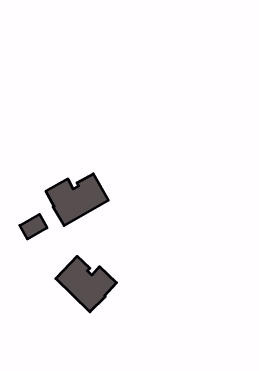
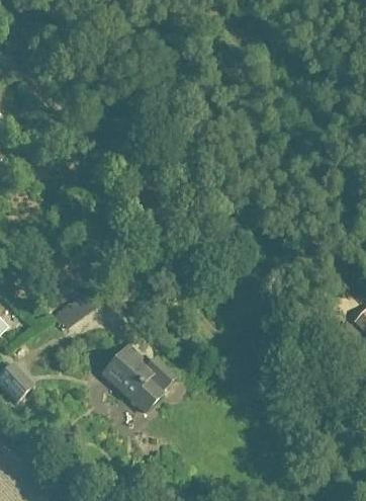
building: [46,174,108,226] -> none

